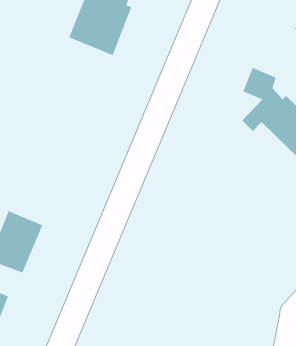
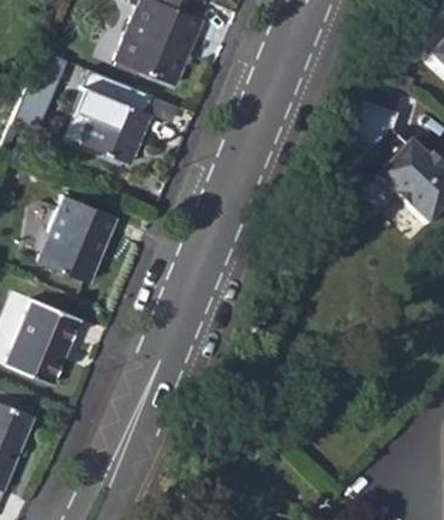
building: none -> [77,92,152,177]
building: none -> [36,192,116,279]

